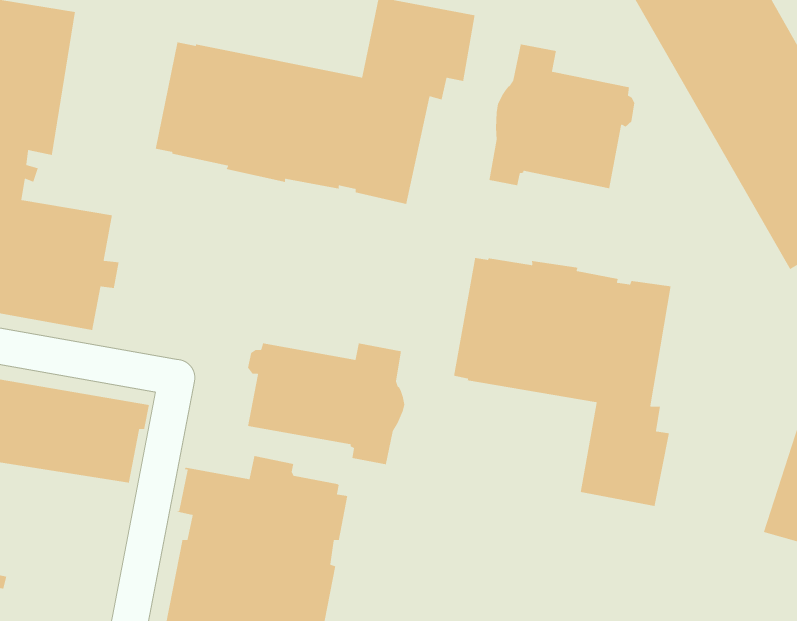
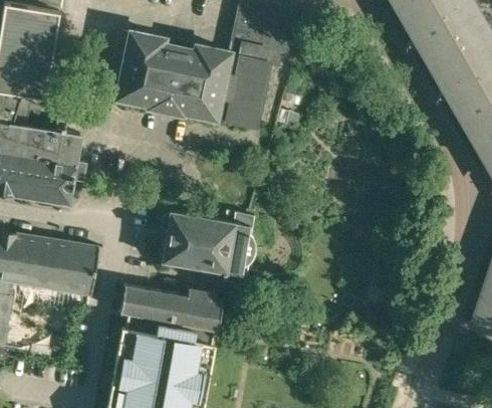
building: [488,43,635,189] -> none
building: [453,257,672,507] -> none

